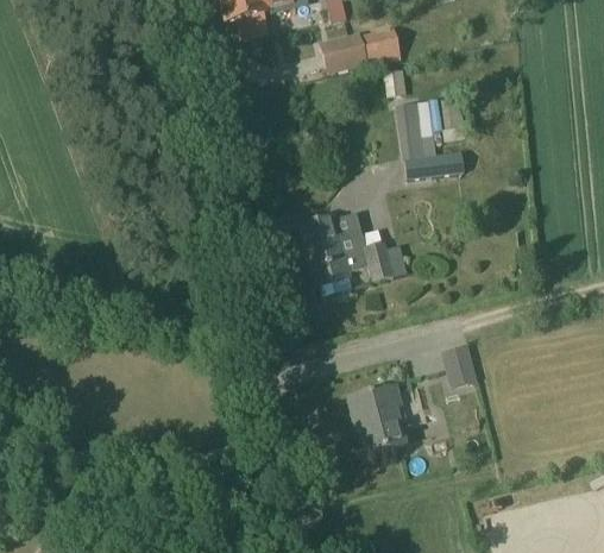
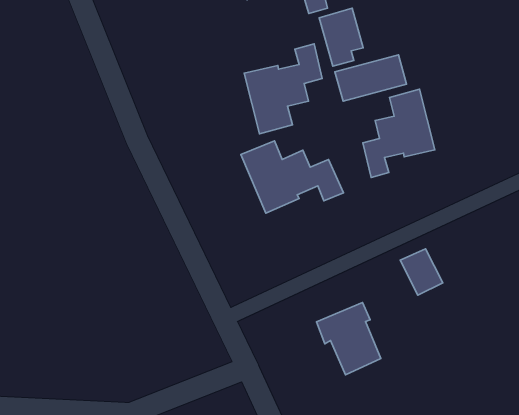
building: none -> [244,44,322,134]
building: none -> [363,89,435,177]

